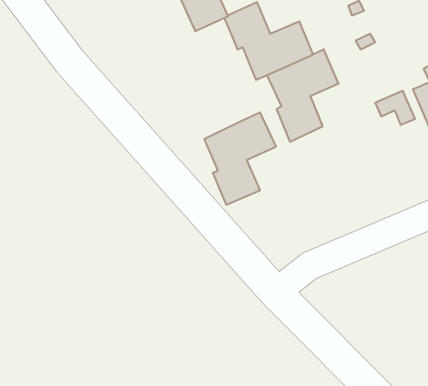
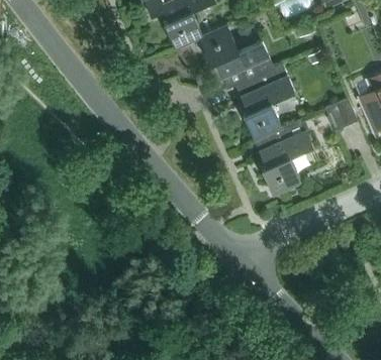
building: [204,112,276,205] -> [255,120,314,197]

